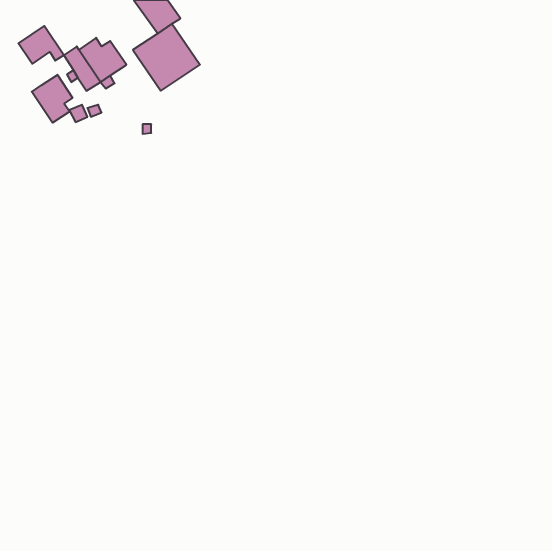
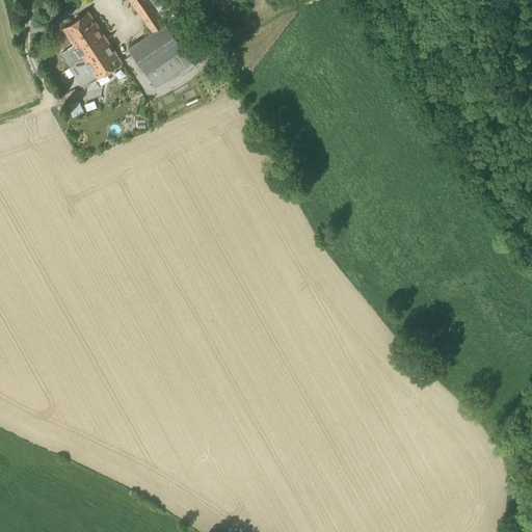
building: [18,26,64,64] -> [62,12,106,49]
building: [32,75,72,123] -> none

